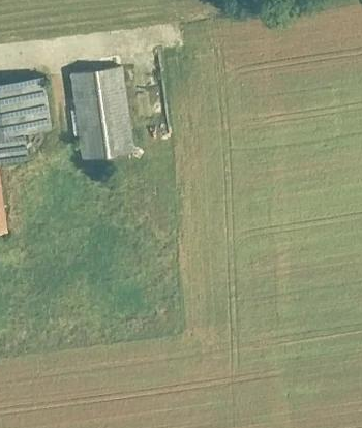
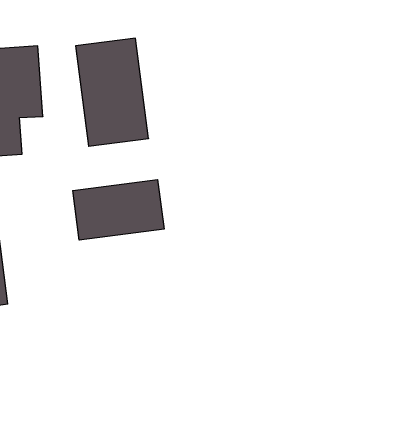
building: none -> [73,180,164,240]

